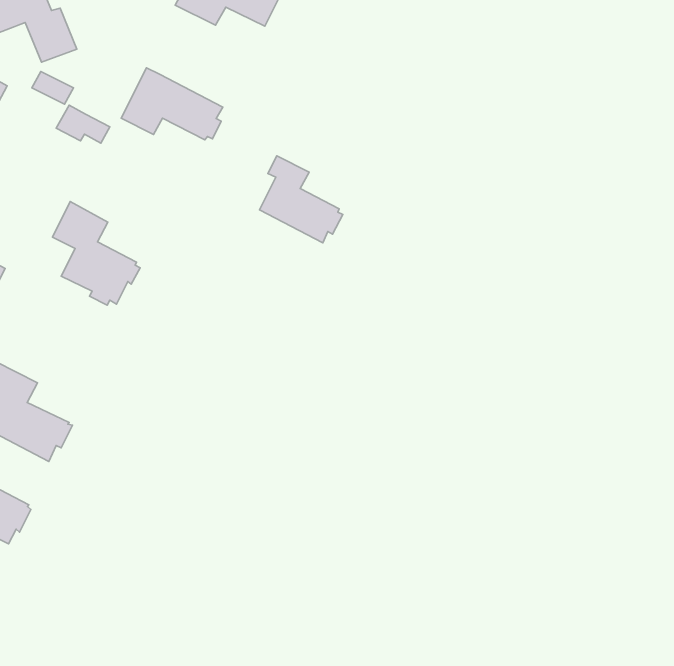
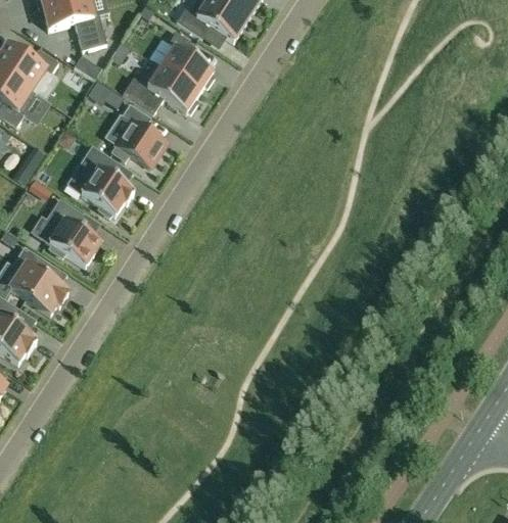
building: none -> [114,104,165,167]
building: [259,156,343,243] -> [158,31,214,92]
building: none -> [48,198,102,264]

